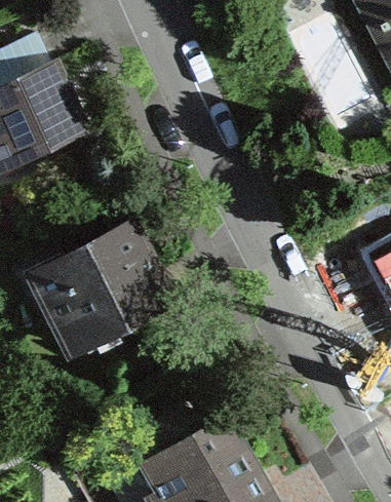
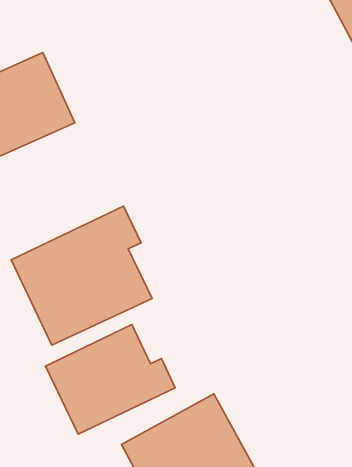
building: none -> [46,324,175,434]

